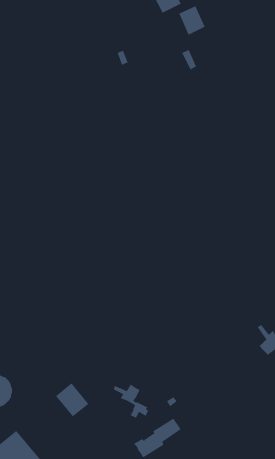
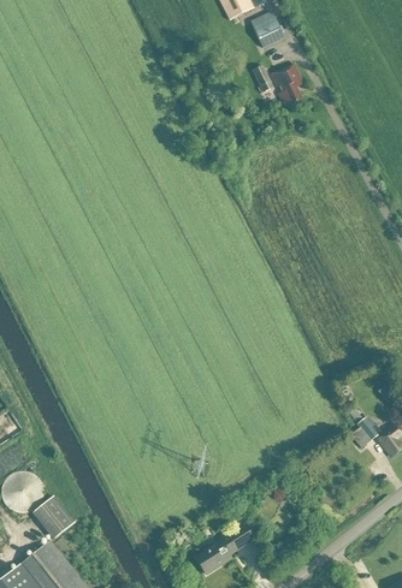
building: none -> [272,65,303,107]
building: [55,383,89,417] -> [32,497,75,540]
building: [113,384,149,419] -> none

